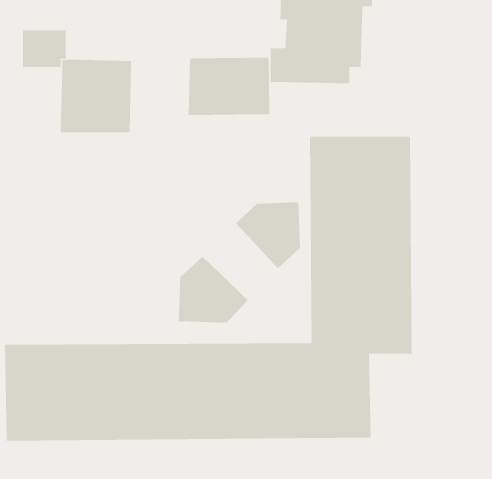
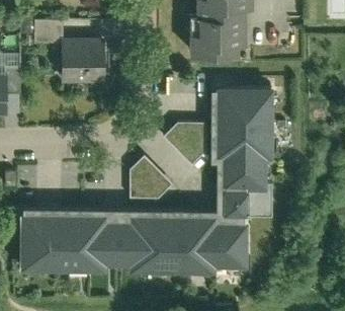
building: [188,57,270,116] -> none

